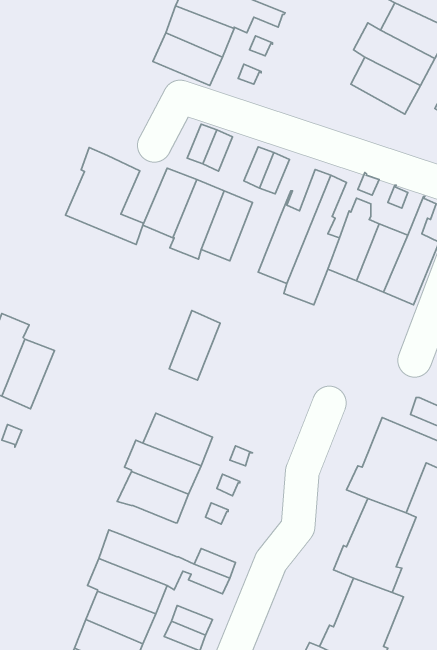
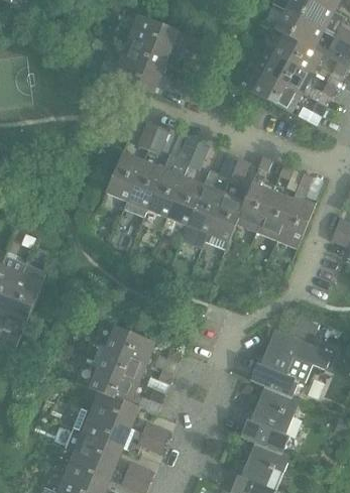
building: [66,148,144,244] -> none
building: [169,310,220,380] -> [166,175,203,225]
building: none -> [89,390,138,426]

